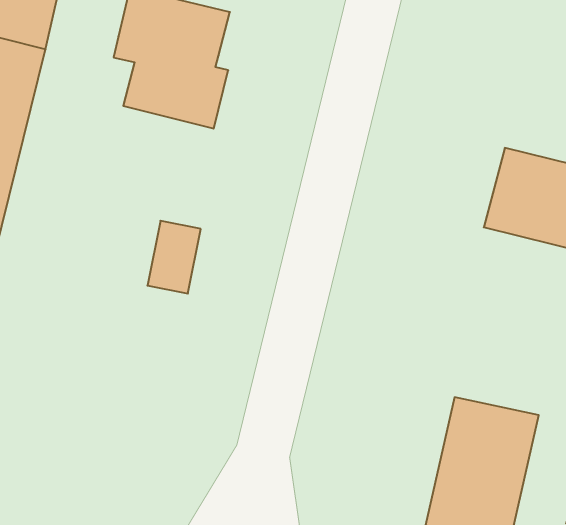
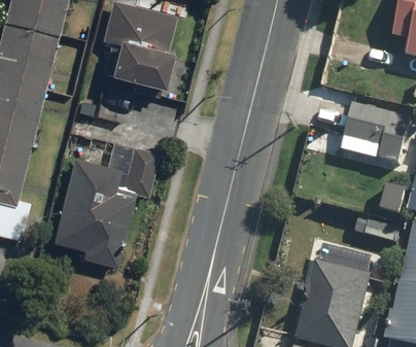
building: none -> [51,157,134,269]

